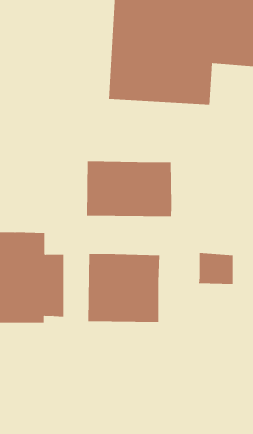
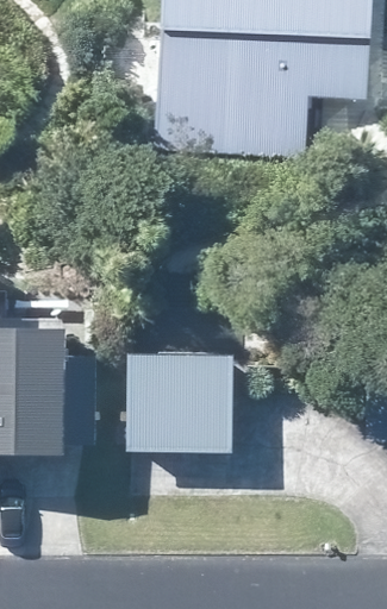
building: [86,161,172,217] -> none

